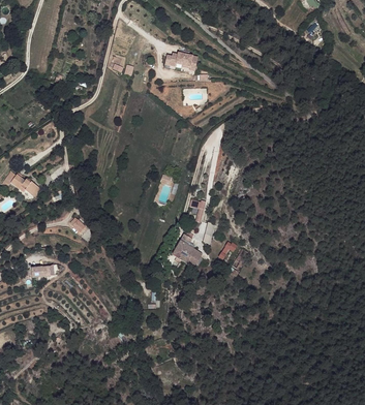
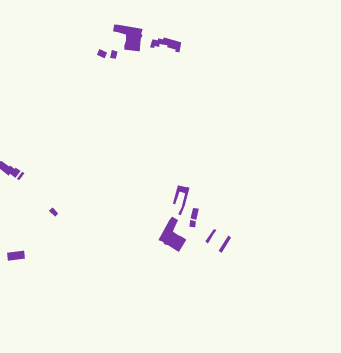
building: none -> [112,24,144,52]

